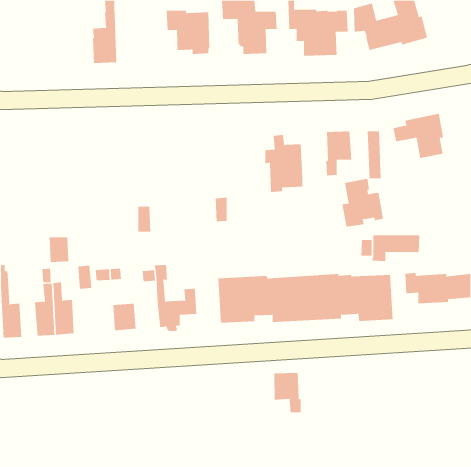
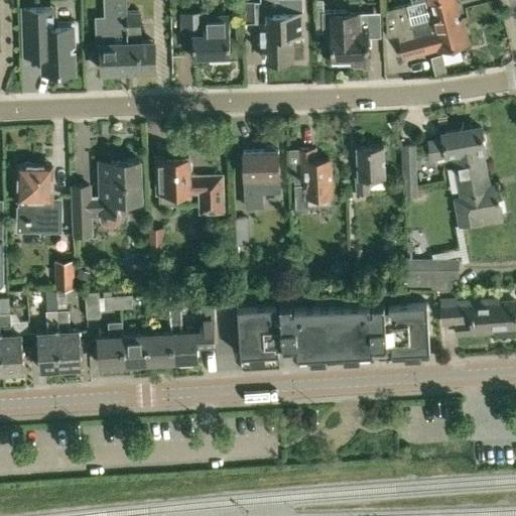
building: none -> [21,11,80,81]
building: none -> [126,11,155,73]
building: none -> [243,149,279,210]
building: none -> [157,158,226,218]
building: none -> [74,161,141,237]
building: none -> [17,166,61,234]
building: [341,178,384,227] -> [456,172,502,226]
building: none -> [98,325,125,367]
building: none -> [147,335,174,364]
building: [274,372,301,413] -> none

